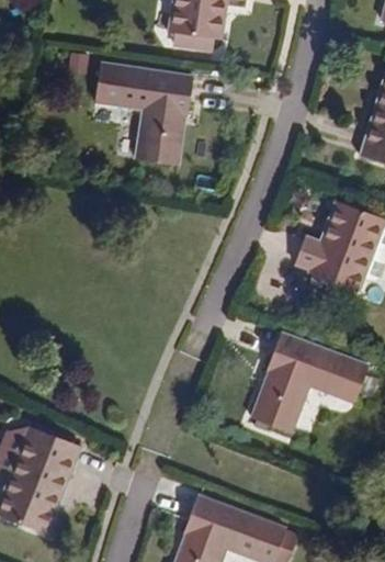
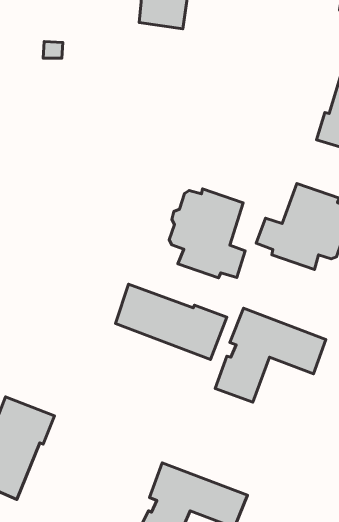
building: [93,64,192,164] -> none
building: none -> [169,189,245,278]
building: none -> [115,284,227,360]

